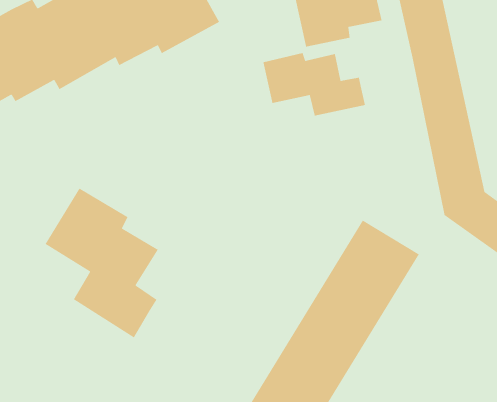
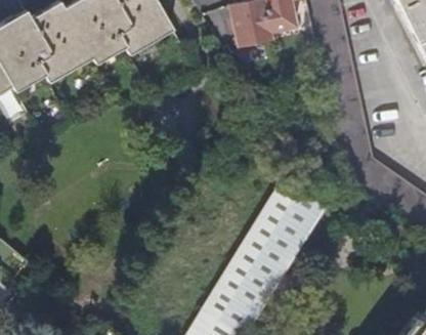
building: [262,52,366,116] -> none
building: [45,187,159,338] -> none

